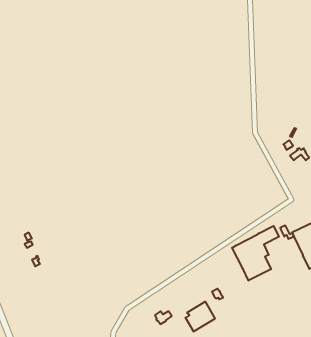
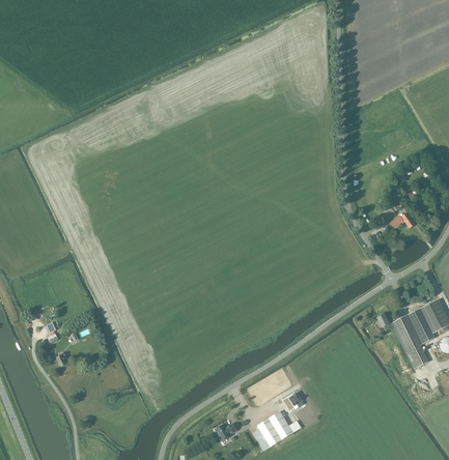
building: [232,226,279,281] -> none

